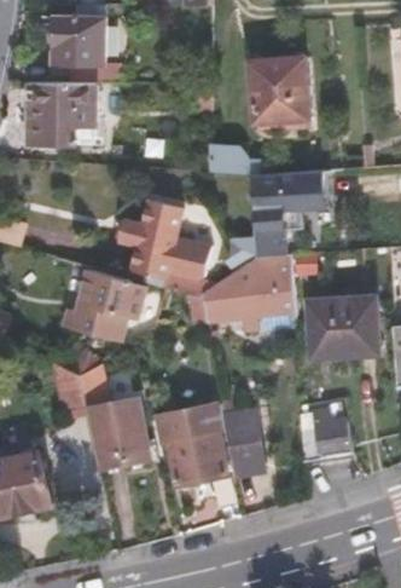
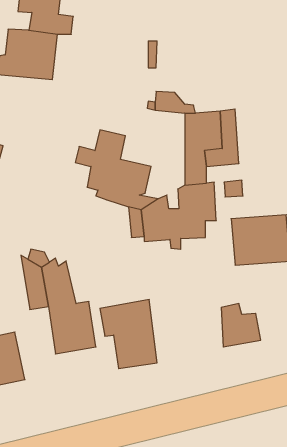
building: [258,63,309,127] -> none
building: [58,264,143,333] -> none
building: [219,410,257,480] -> none

